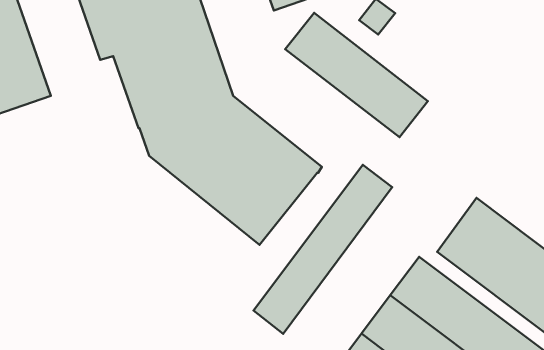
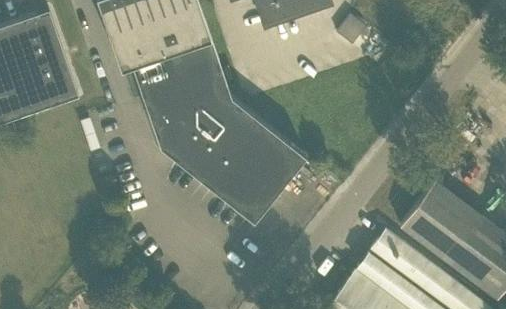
building: [285,13,428,137] -> none
building: [254,165,392,334] -> none

